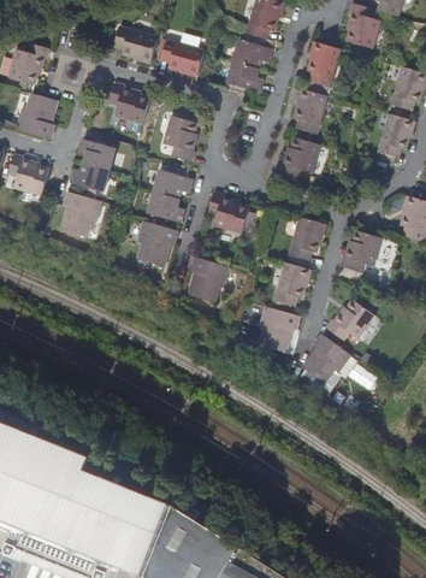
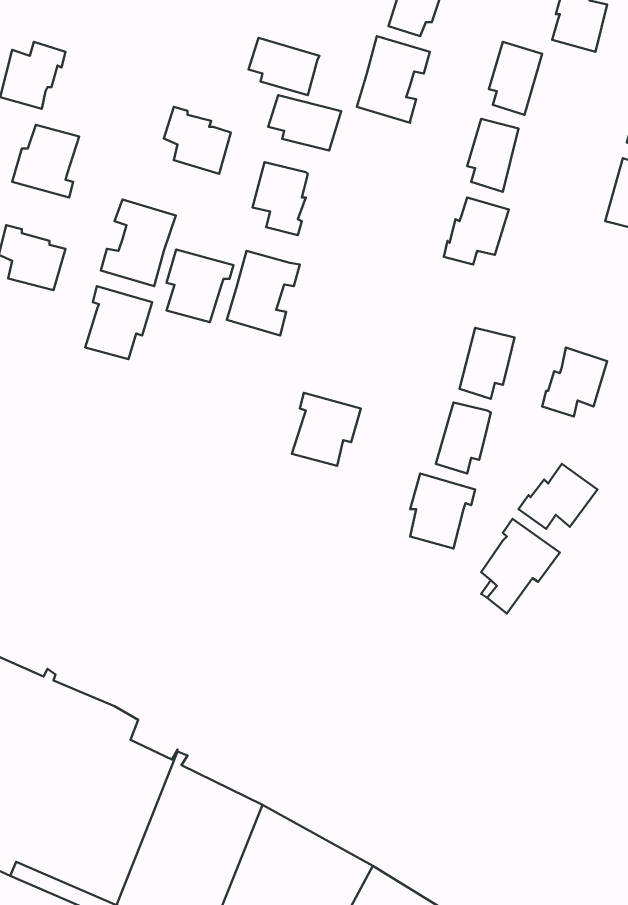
building: [113,26,158,60] -> [268,95,341,151]
building: [207,191,248,232] -> none
building: [136,220,177,265] -> [166,249,233,322]

